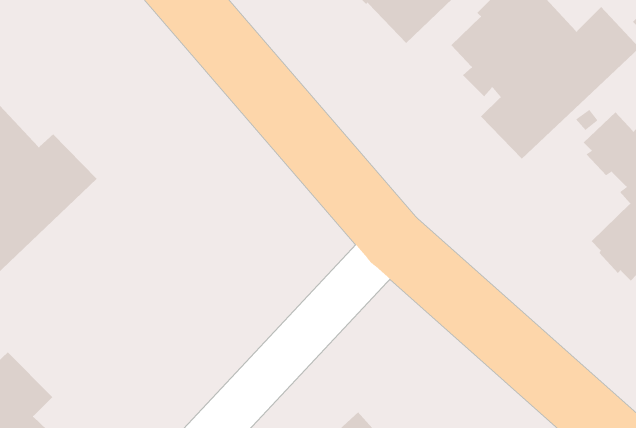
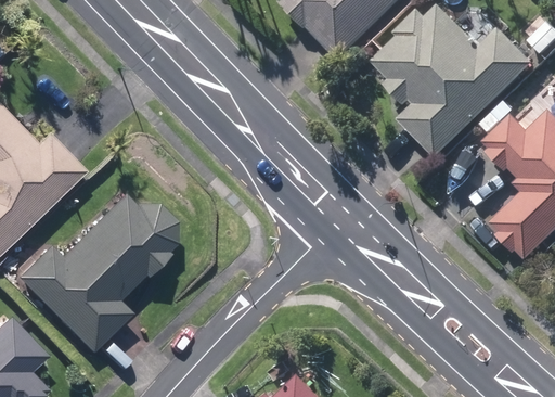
building: none -> [14,194,172,353]

